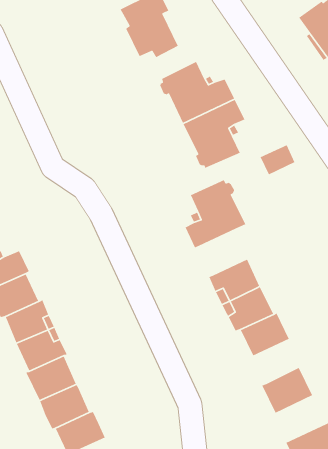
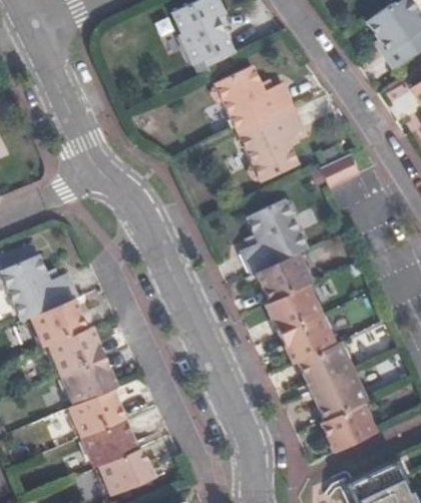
building: none -> [257,250,312,301]
building: none -> [315,370,369,418]

